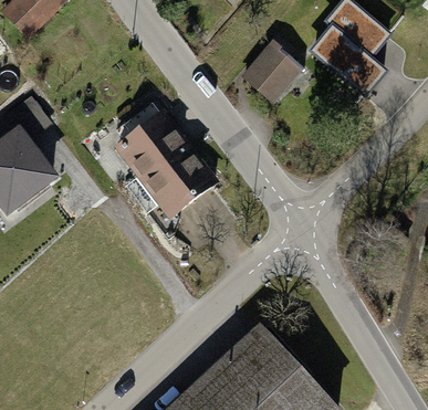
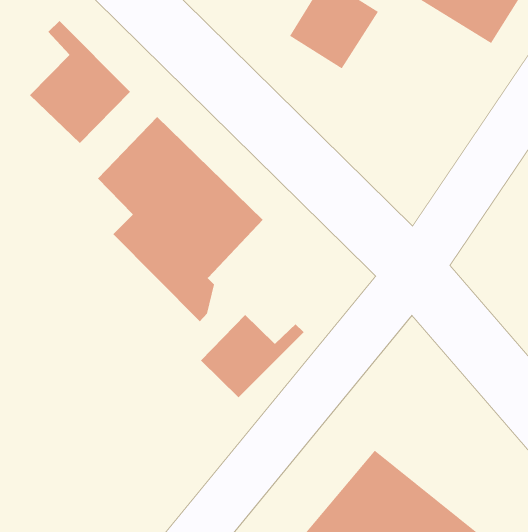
building: none -> [29,20,131,144]
building: none -> [200,314,304,398]

